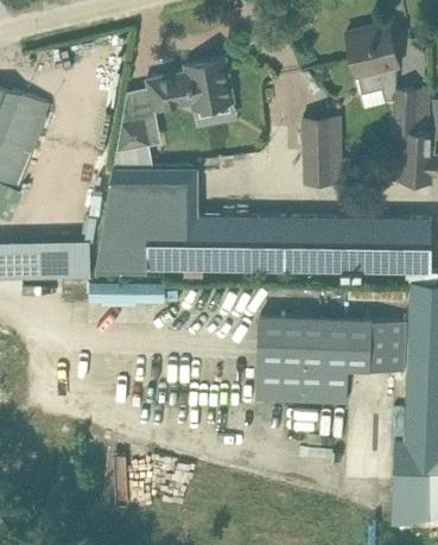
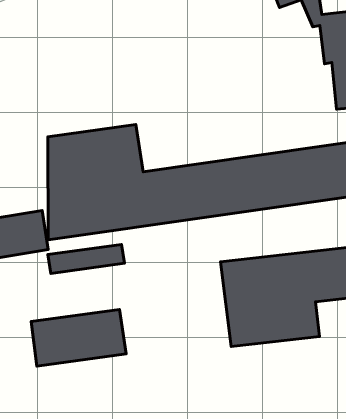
building: [118,59,234,152] -> none
building: [303,119,349,185] -> none
building: none -> [31,309,126,366]

